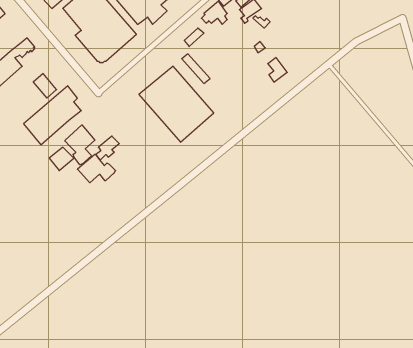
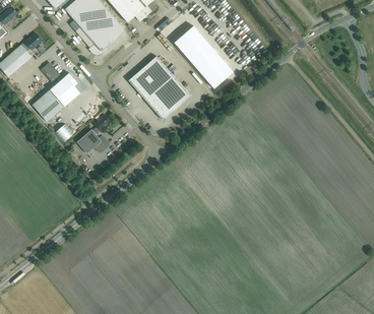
building: none -> [174,25,233,87]
building: [65,125,95,165] -> none

